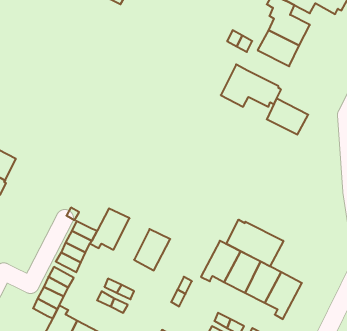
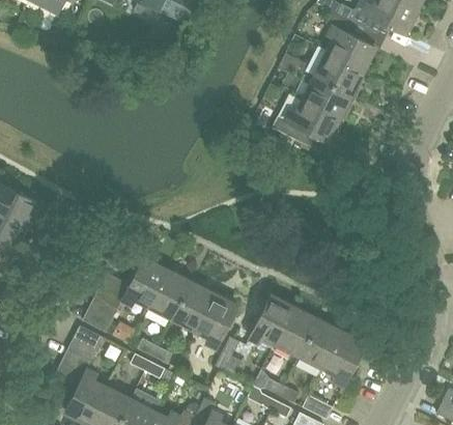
building: [267,99,308,135] -> [303,76,350,117]
building: none -> [148,270,190,317]
building: [227,220,283,266] -> none
building: none -> [195,293,237,347]

